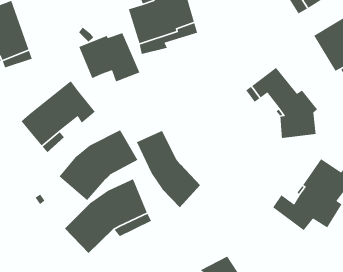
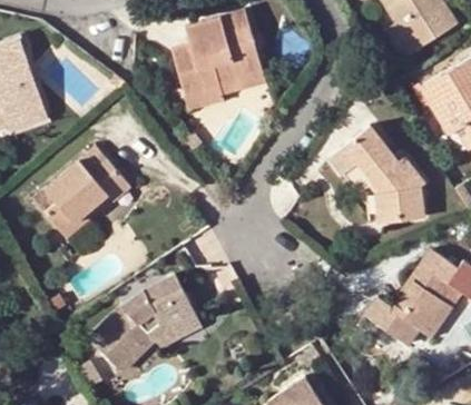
building: [78,32,140,82] -> none
building: [58,129,139,201] -> none
building: [136,130,201,208] -> none

